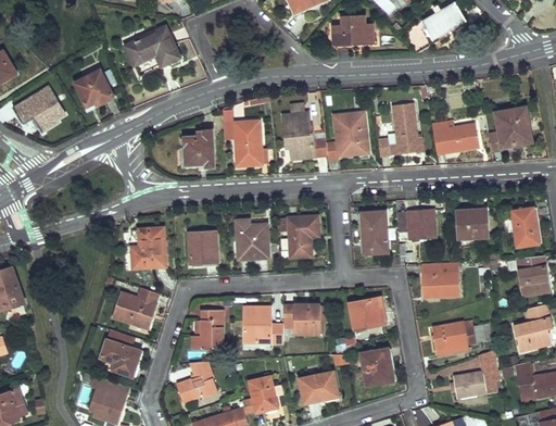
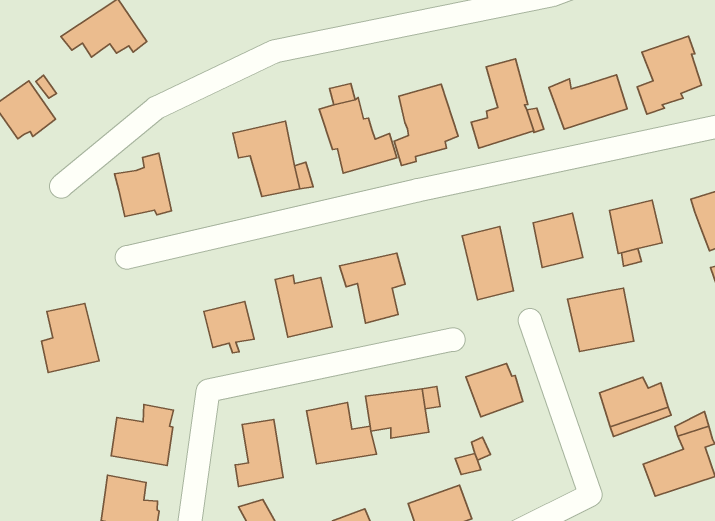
building: [182,129,215,168] -> [115,153,171,217]
building: [131,229,166,270] -> [42,304,99,372]
building: [361,349,394,386] -> none

